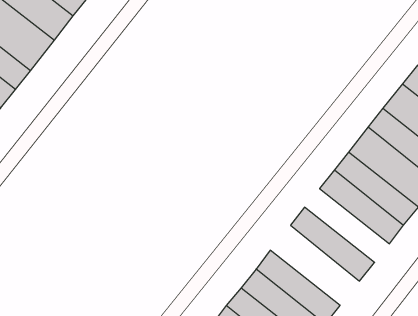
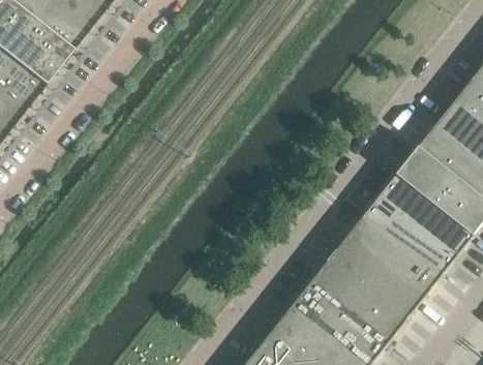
building: none -> [350,212,444,294]
building: none -> [311,252,411,341]

